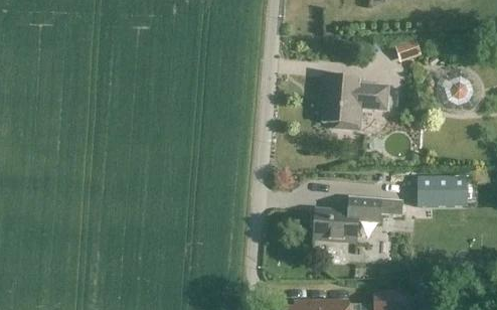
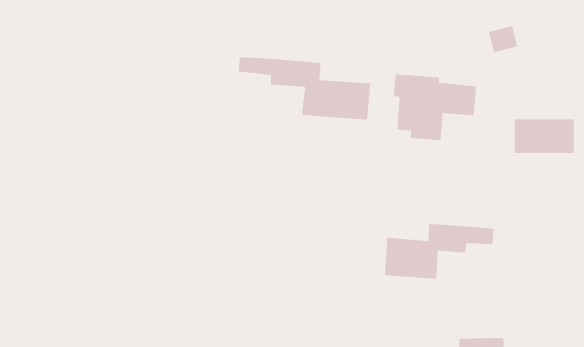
building: none -> [238,56,371,121]
building: [418,178,467,206] -> [514,119,575,154]

